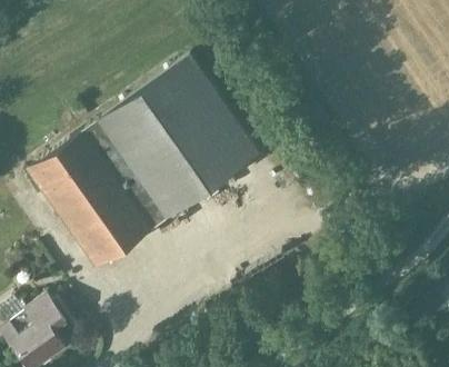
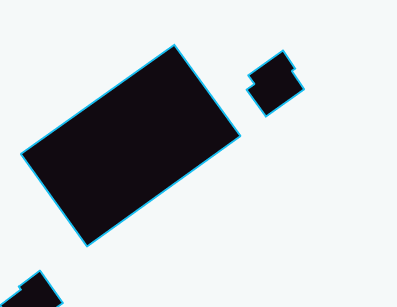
building: none -> [247,50,304,117]

